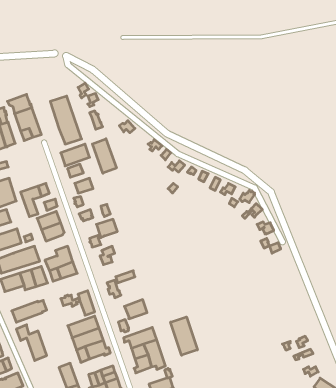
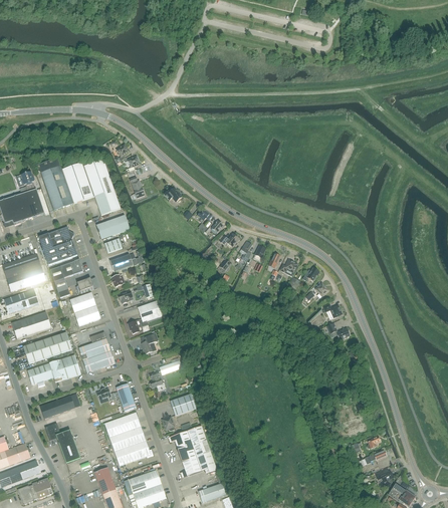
building: none -> [61,163,93,204]
building: [92,139,116,173] -> none
building: none -> [38,227,76,265]
building: [171,317,197,355] -> none

